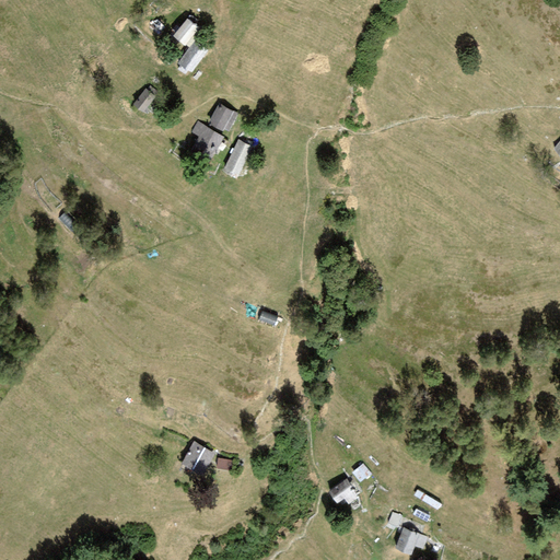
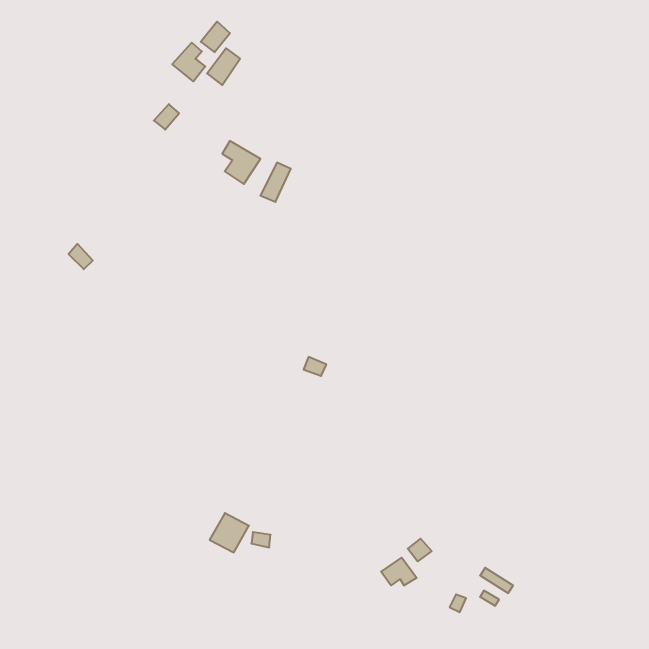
building: none -> [172,43,205,81]
building: [208,103,238,131] -> none
building: [395,528,428,555] -> none

